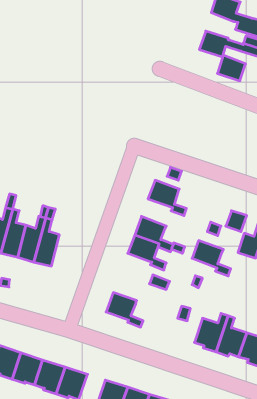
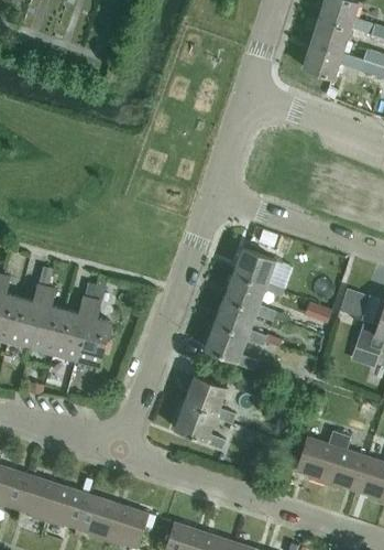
building: [217,55,246,81] -> [311,18,350,53]
building: [192,241,231,276] -> [223,273,276,322]
building: none -> [185,375,235,424]

